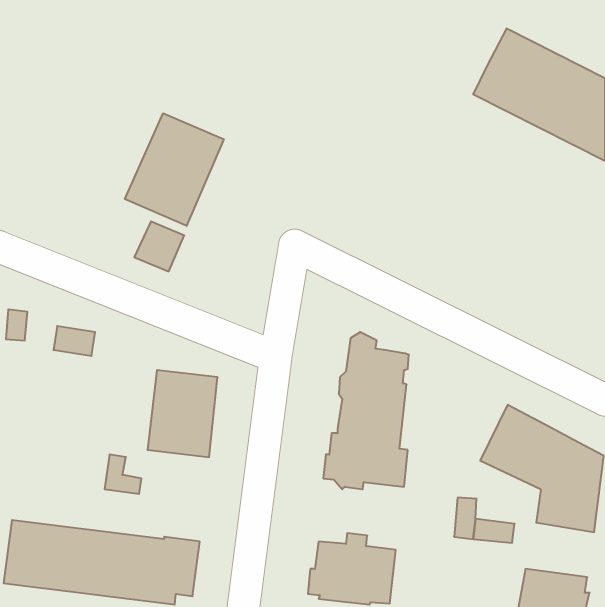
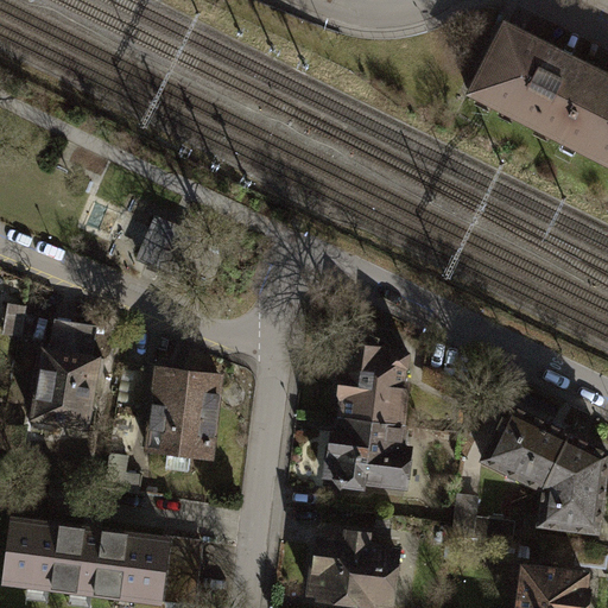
building: [125,113,224,226] -> none
building: none -> [33,356,104,442]

